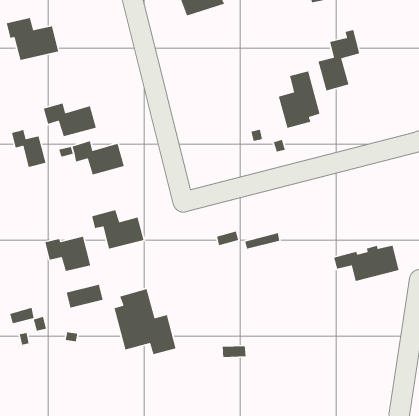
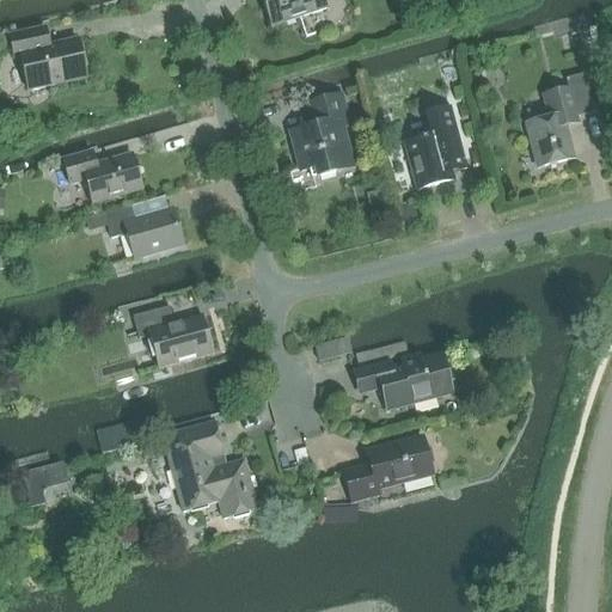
building: [318,29,360,92] -> [527,75,589,166]
building: none -> [290,92,355,176]
building: [11,129,47,168] -> none
building: [44,236,91,272] -> none
building: [333,245,400,282] -> [355,354,452,408]
building: none -> [344,435,433,500]

